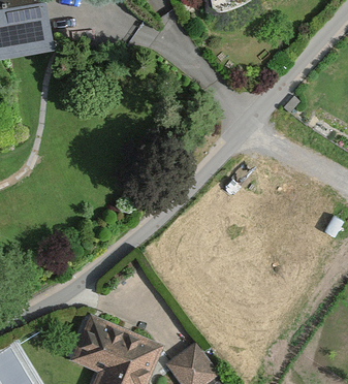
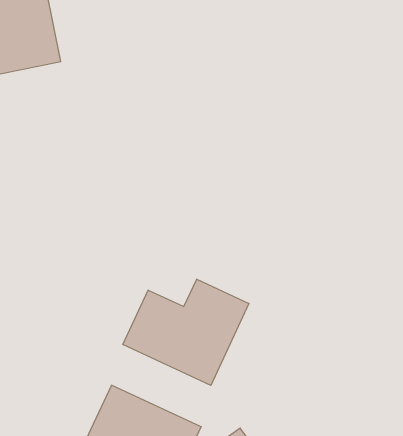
building: none -> [123,279,249,385]

